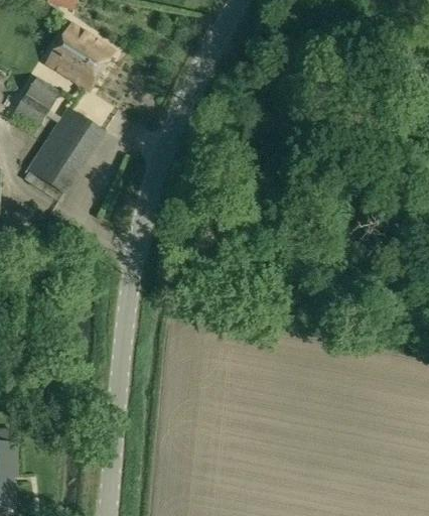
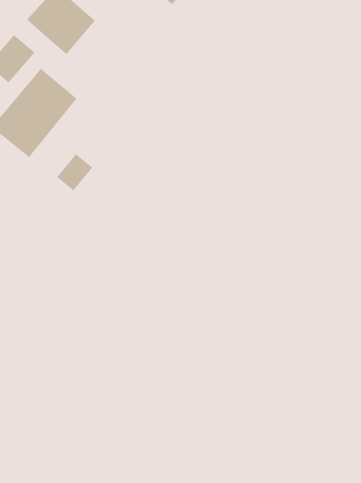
building: none -> [56,153,93,192]

